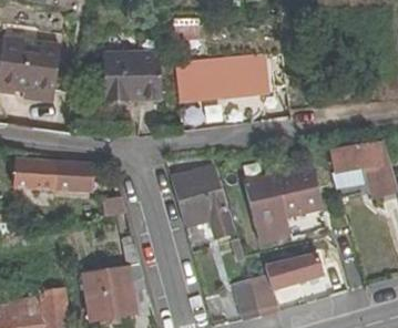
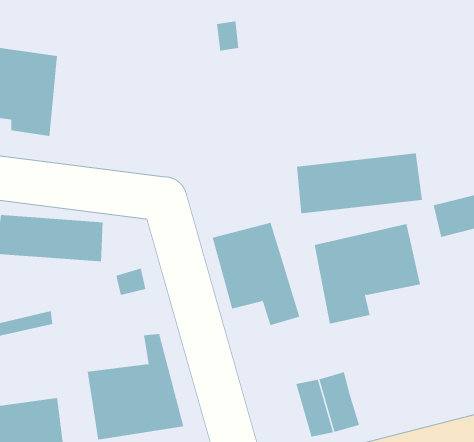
building: [99,44,162,98] -> none
building: [177,57,269,101] -> [296,153,423,214]
building: [264,253,323,289] -> none

